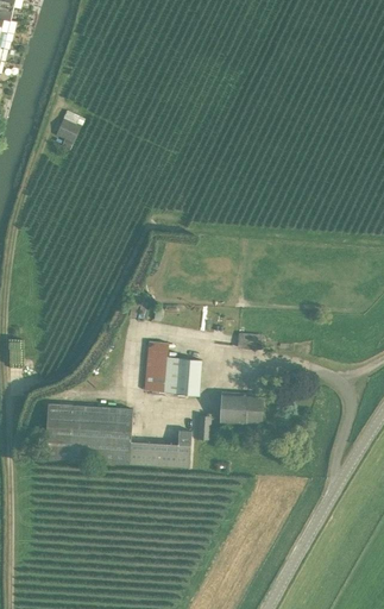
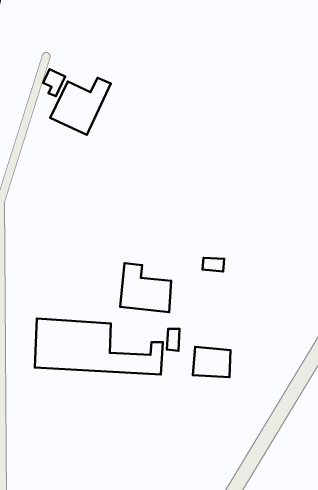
building: none -> [50,78,111,135]
building: [219,390,262,425] -> [193,347,230,377]

